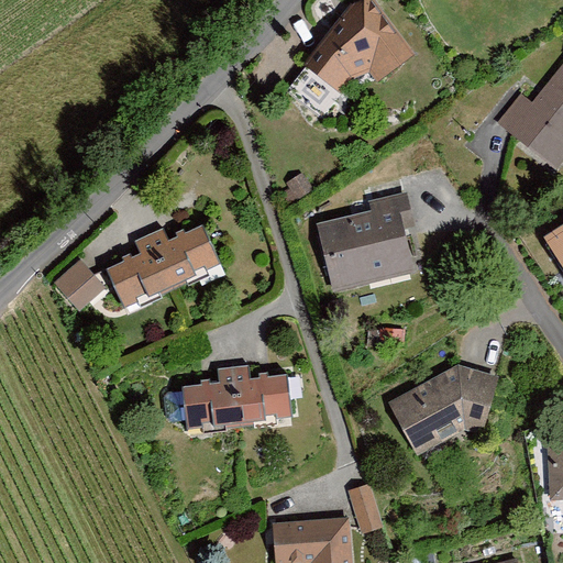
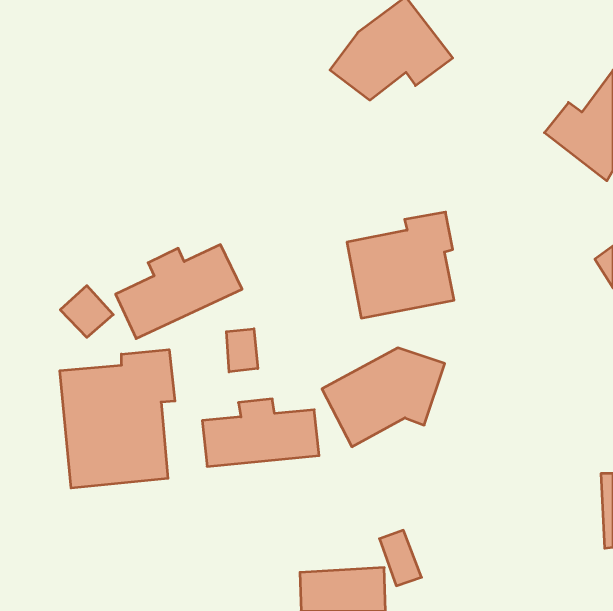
building: none -> [226,329,258,372]
building: none -> [60,350,175,488]
building: [390,365,503,455] -> [322,348,445,447]

